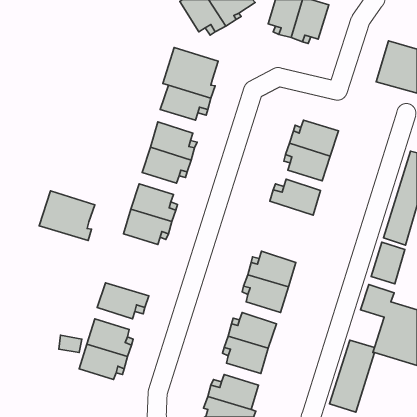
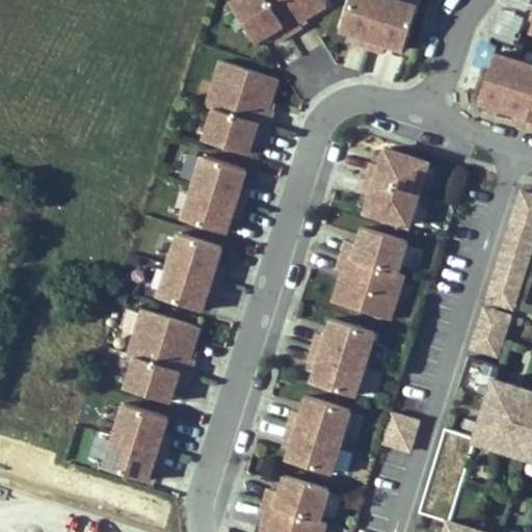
building: [39,191,95,241] -> [127,313,197,376]
building: none -> [334,256,404,320]
building: none -> [383,415,421,453]

